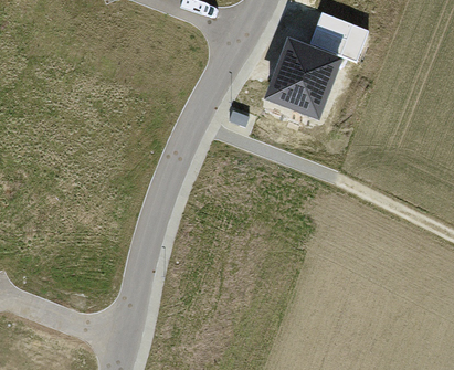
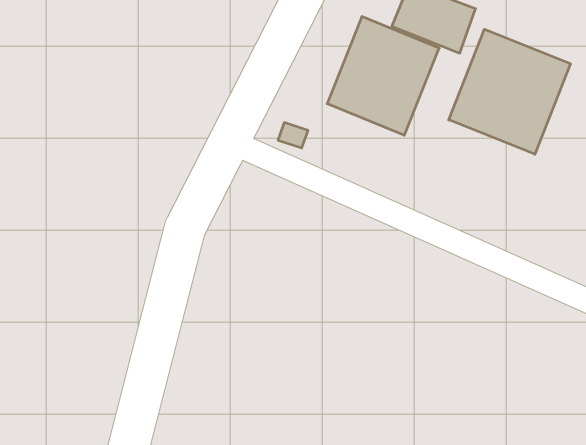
building: none -> [449,29,570,154]

